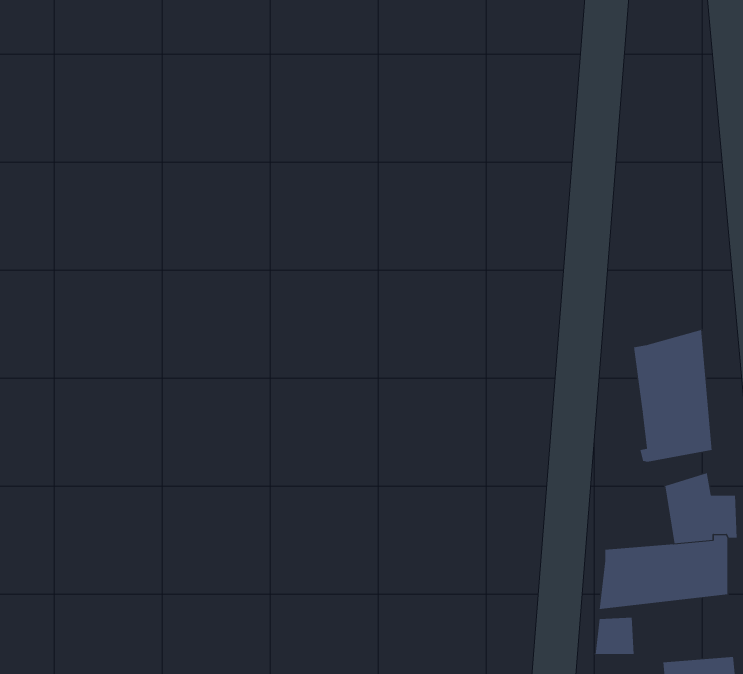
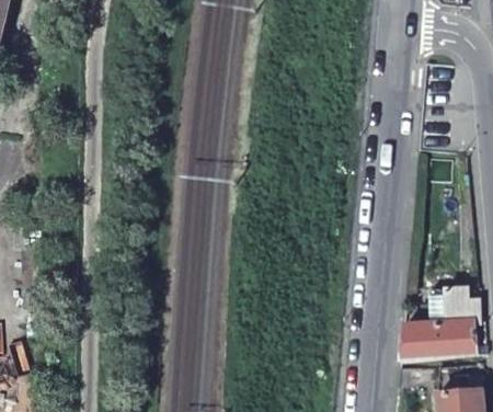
building: [634,329,712,462] -> none

